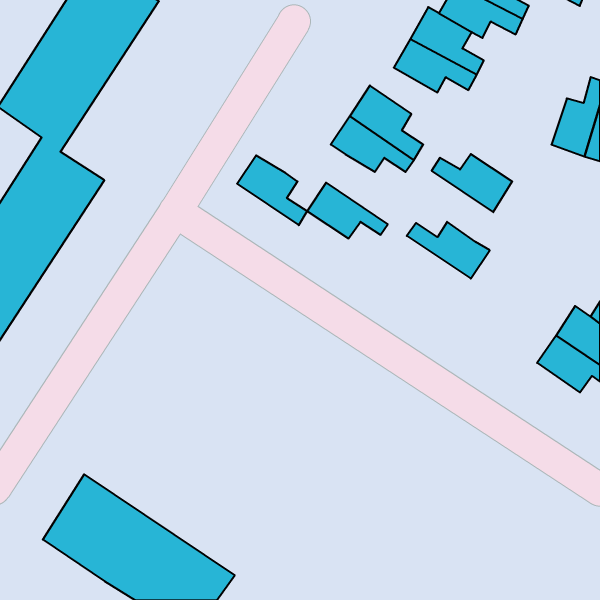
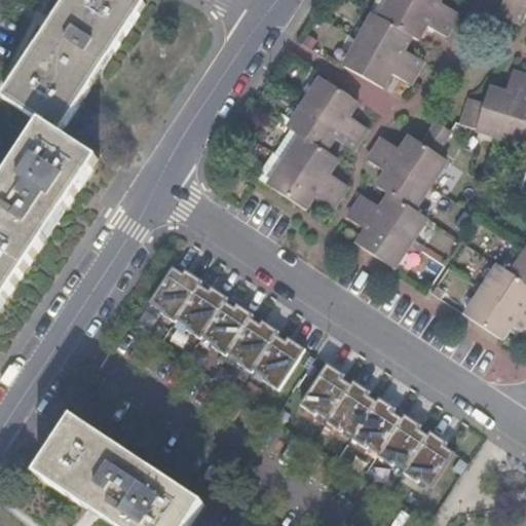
building: [237,155,307,225] -> [283,134,343,194]
building: none -> [367,148,427,210]
building: none -> [346,204,408,266]
building: none -> [150,271,301,393]
building: none -> [292,362,454,499]

